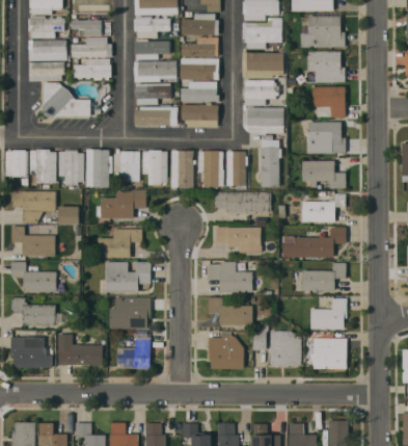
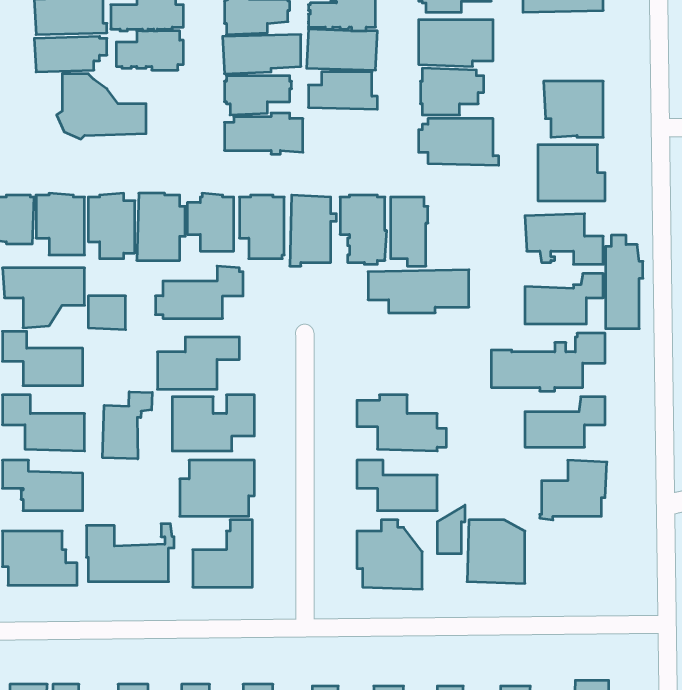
building: [307,51,345,83] -> none
building: [182,103,218,127] -> none
building: [261,134,281,186] -> [606,235,643,329]
building: [216,227,262,252] -> none
building: none -> [103,392,152,459]
building: [314,338,347,368] -> none

